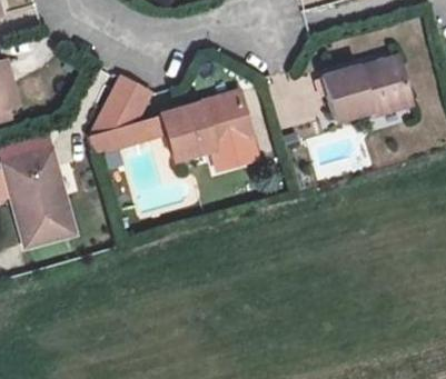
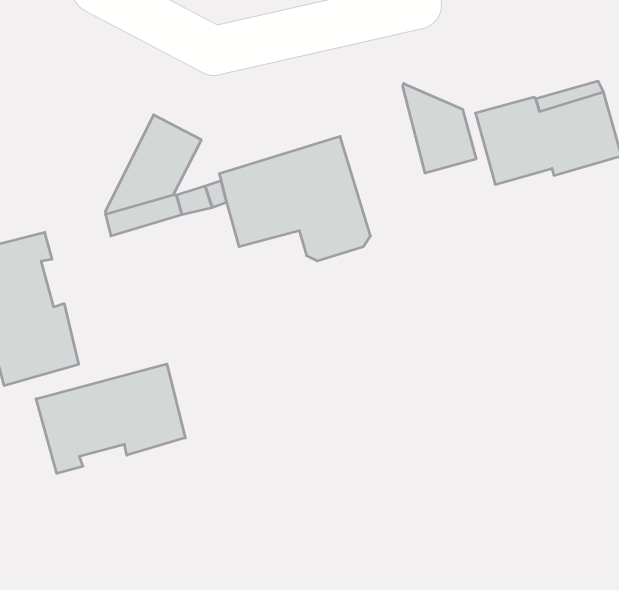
building: none -> [403,83,476,173]
building: none -> [36,364,185,473]

